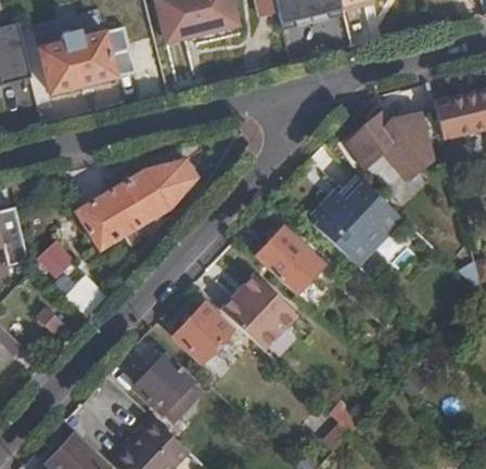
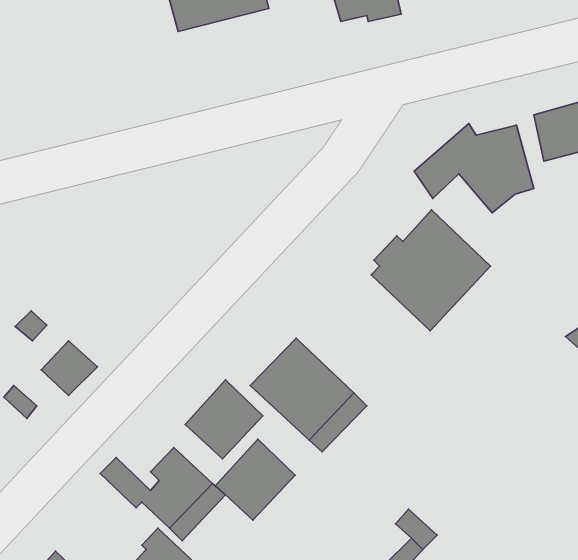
building: [38,26,131,94] -> none
building: [77,160,196,248] -> none
building: [256,226,323,294] -> none
building: none -> [215,439,295,520]

